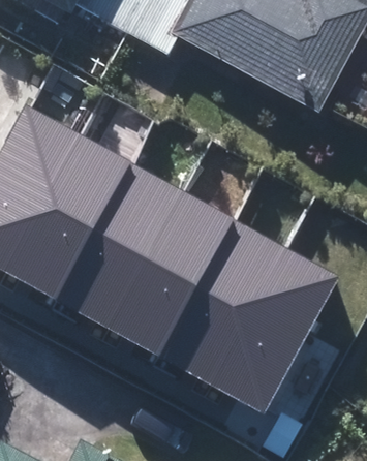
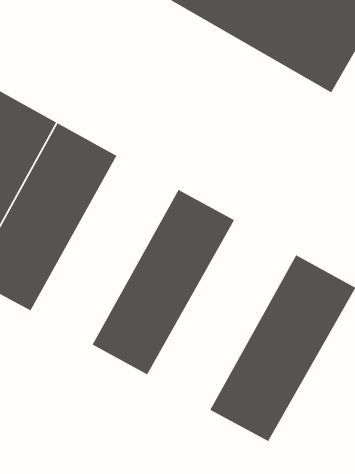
building: [57,164,185,329] -> none
building: [158,220,287,386] -> none

